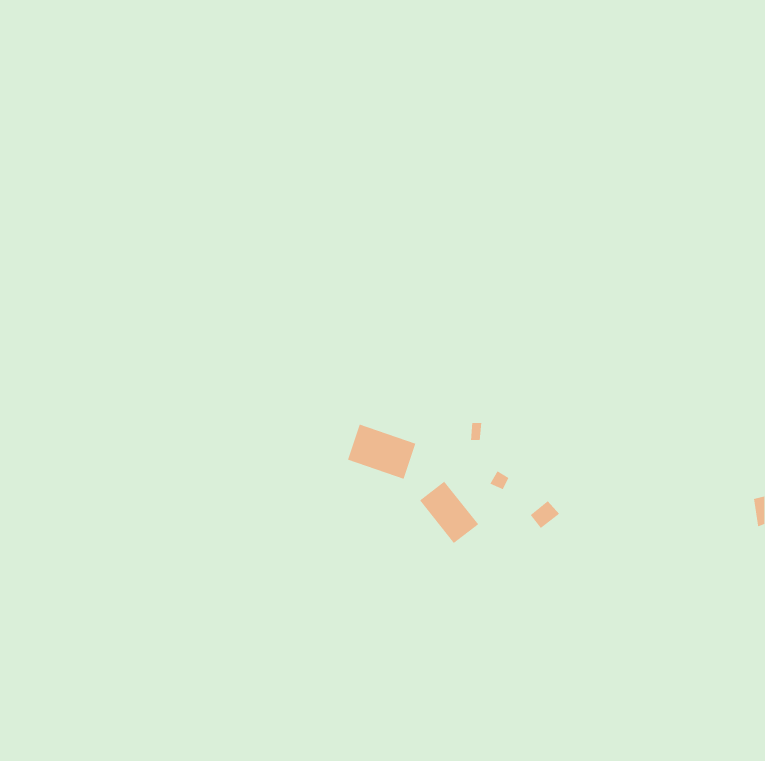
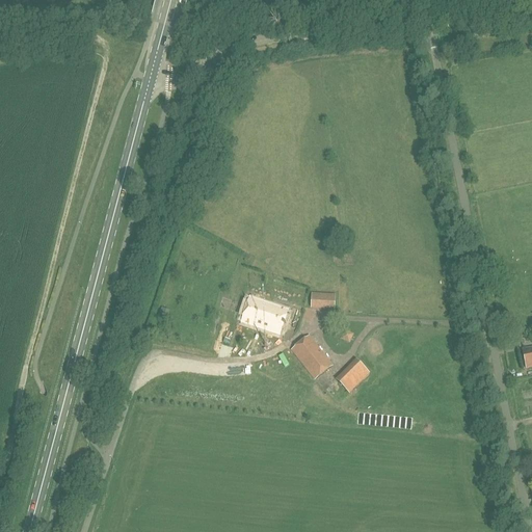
building: none -> [339,360,369,391]

